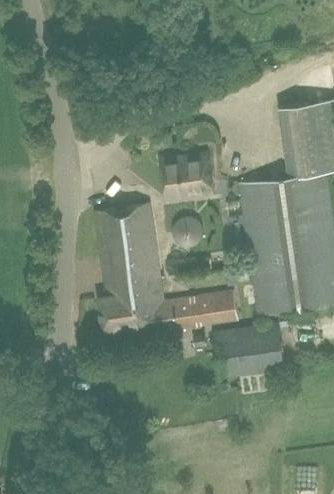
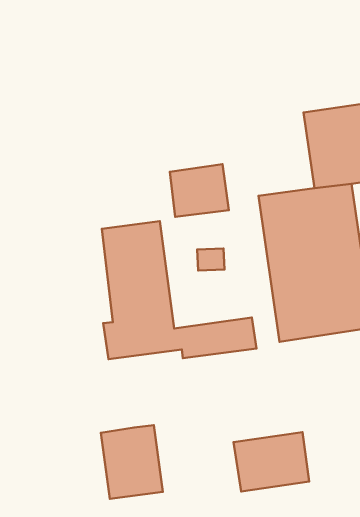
building: [215,322,284,376] -> [234,432,309,491]
building: none -> [101,425,163,499]

